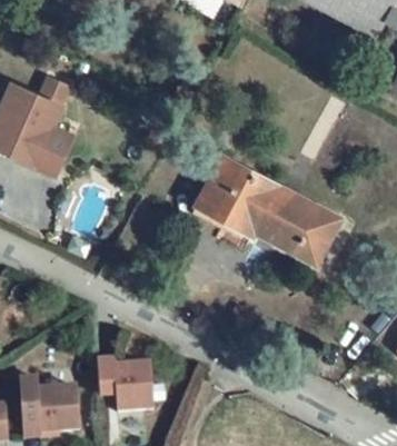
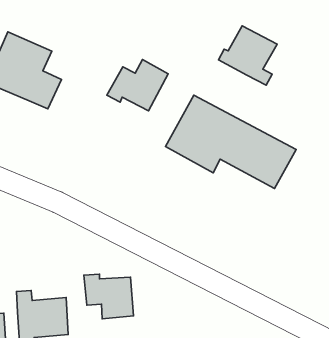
building: none -> [219,26,277,85]
building: none -> [107,59,168,111]

